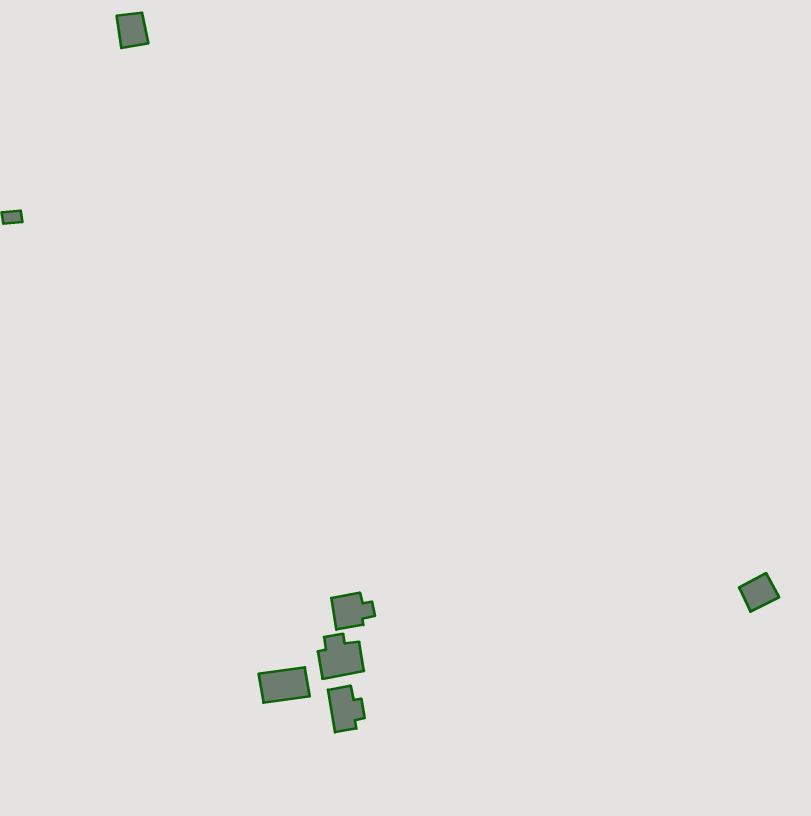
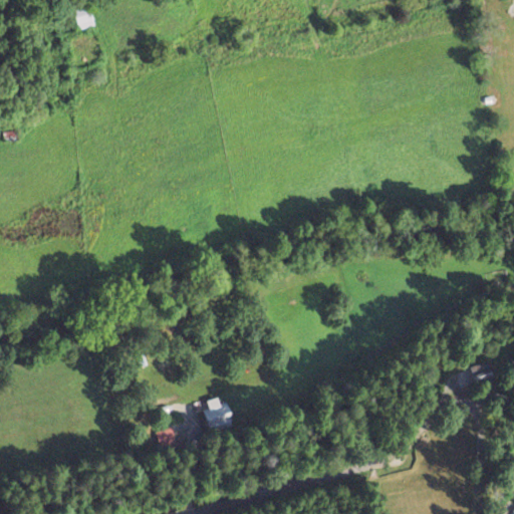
building: [331,593,375,630] -> none
building: [328,686,365,732] -> none

